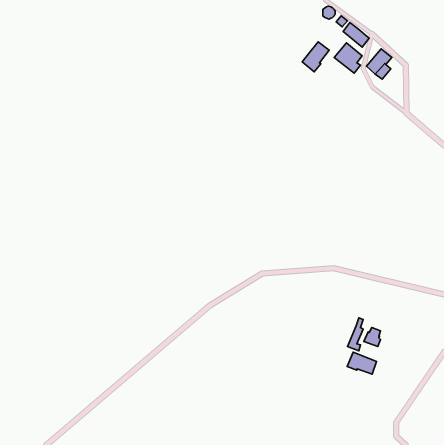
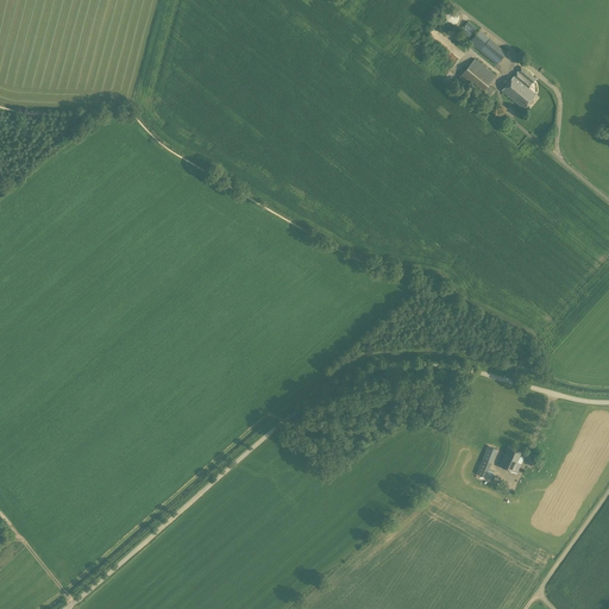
building: [302,42,329,72] -> none
building: [347,352,377,374] -> none

